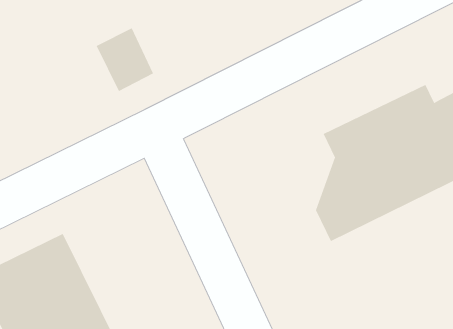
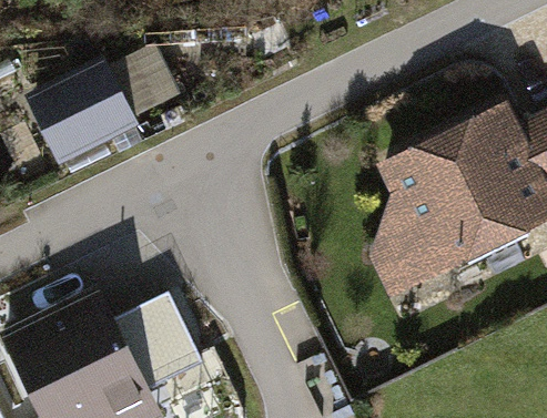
building: none -> [23,59,130,160]
building: none -> [133,296,212,390]

